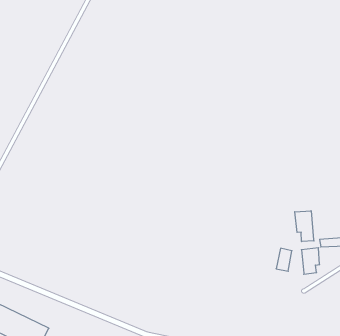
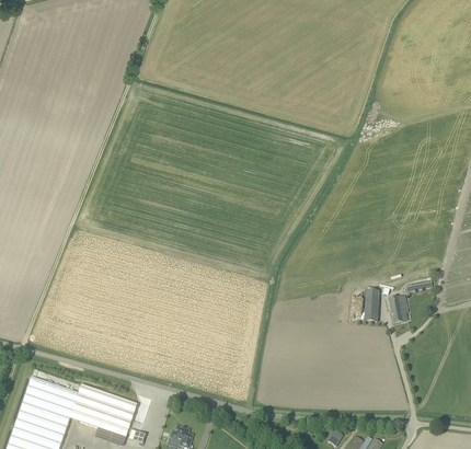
building: [295,211,314,242] -> none

